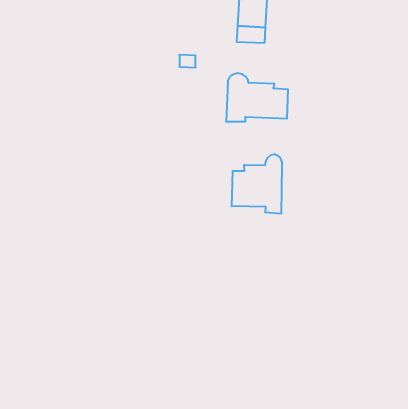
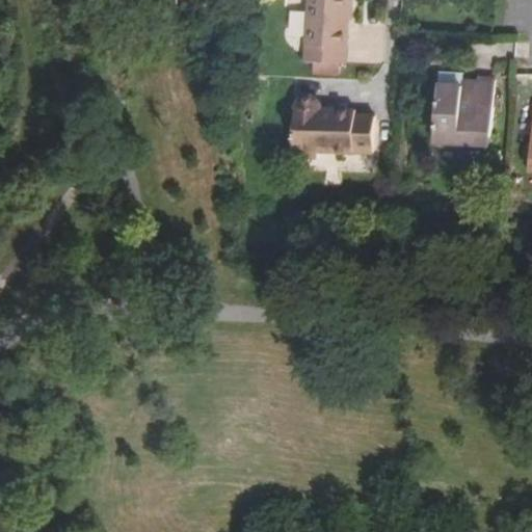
building: none -> [432,77,491,140]
building: [232,154,282,214] -> none

